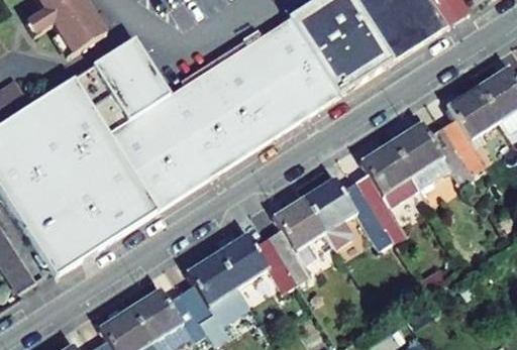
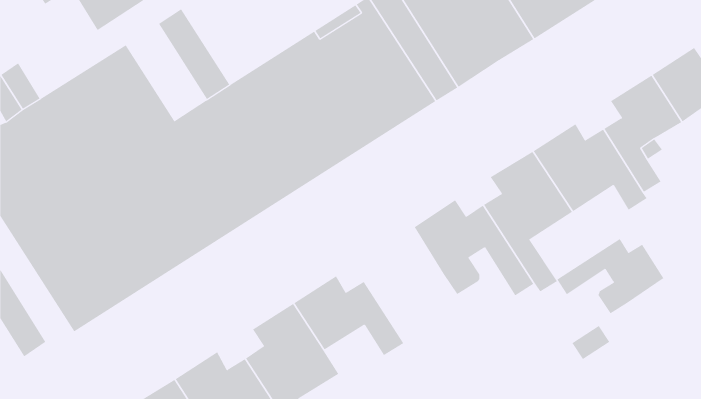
building: [93,49,151,120] -> none
building: [267,198,324,282] -> none
building: none -> [556,238,664,314]

